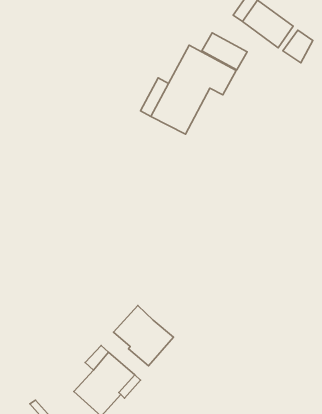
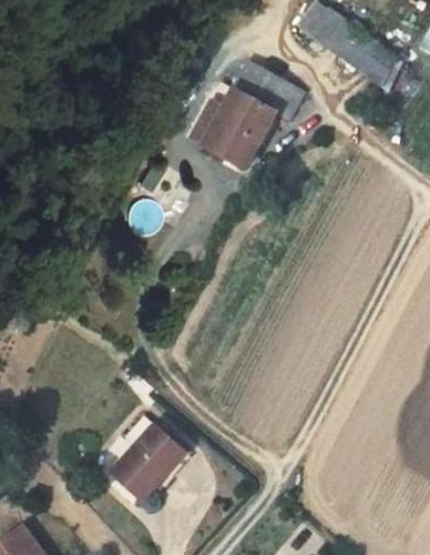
building: [202,33,247,70] -> none
building: [114,306,174,366] -> none

